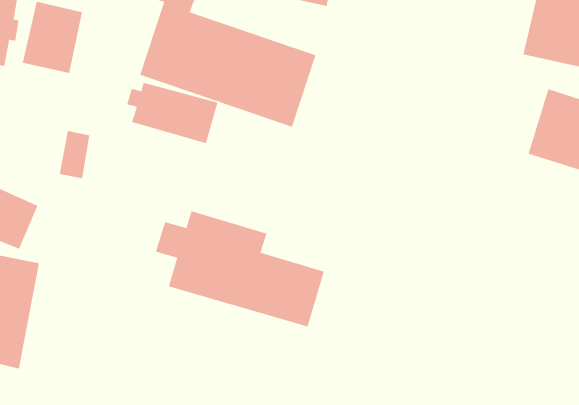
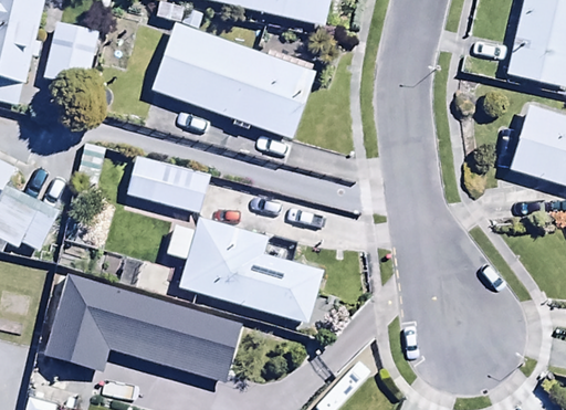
building: [126,82,218,144] -> [123,156,208,213]
building: none -> [48,271,241,380]

